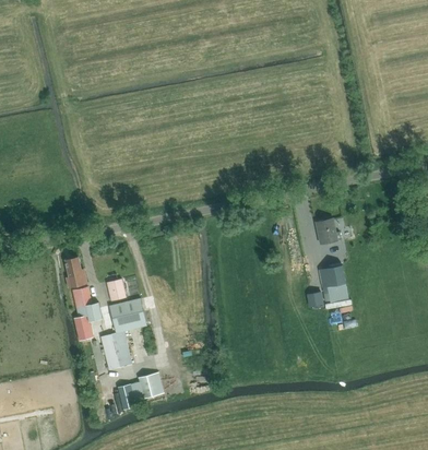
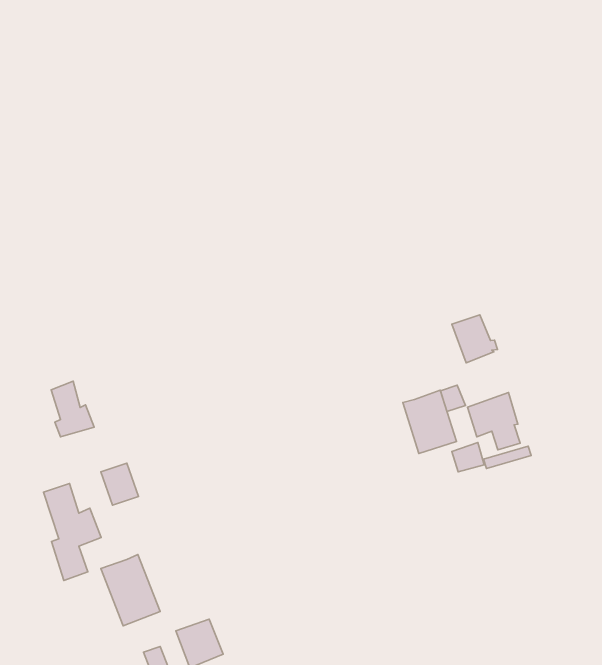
building: [64,256,86,286] -> [51,381,94,437]
building: none -> [403,390,456,454]
building: [108,297,146,332] -> none

